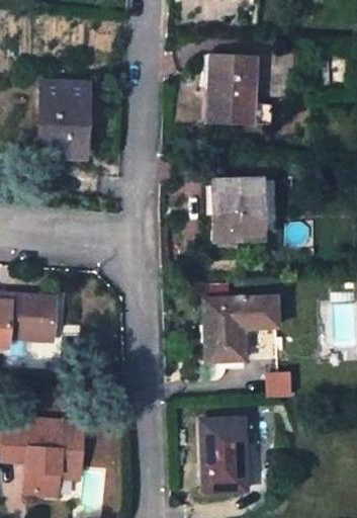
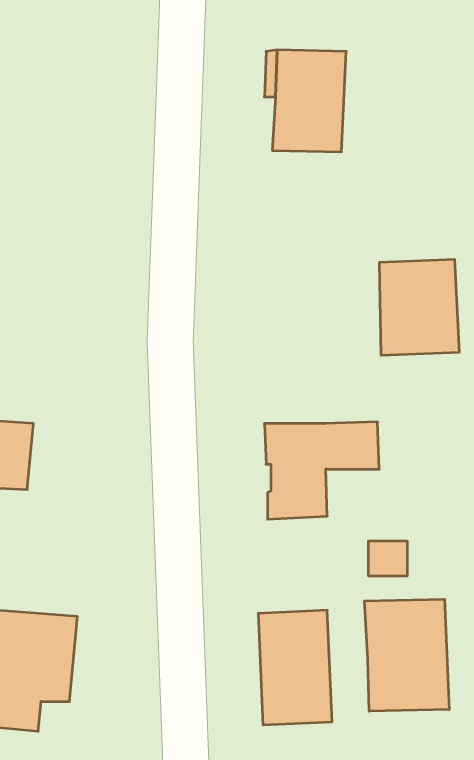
building: [40,82,90,154] -> none
building: [212,179,264,241] -> [379,260,459,355]
building: none -> [365,599,449,711]

